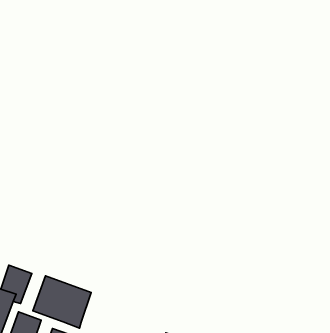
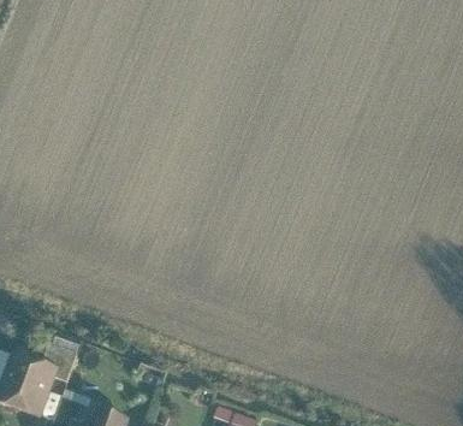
building: [33,276,91,328] -> none

